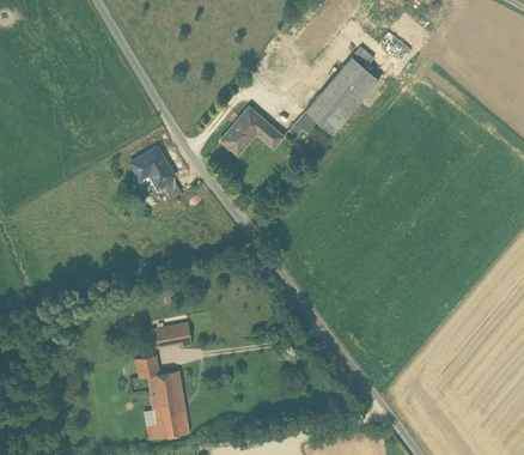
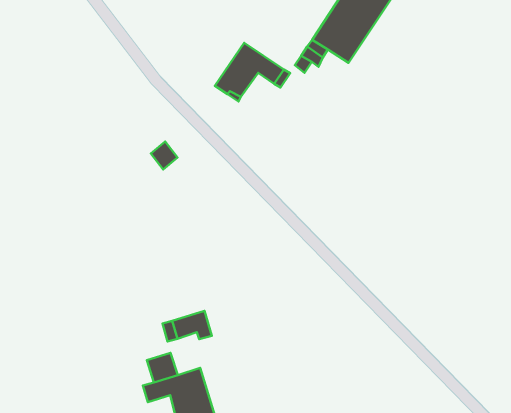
building: [130,146,173,186] -> none

